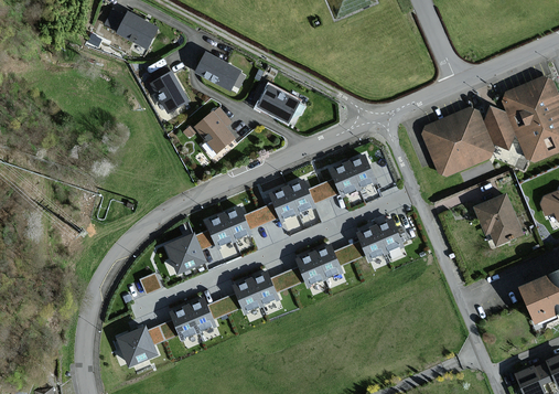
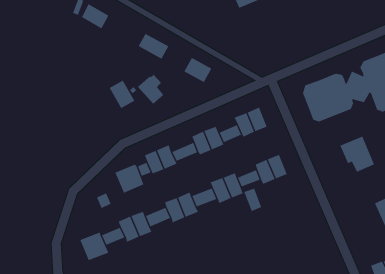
building: [151,72,187,111] -> [109,80,135,109]
building: none -> [244,188,262,212]

